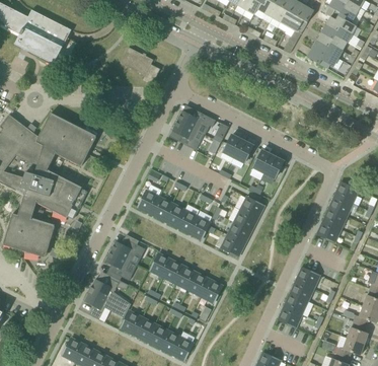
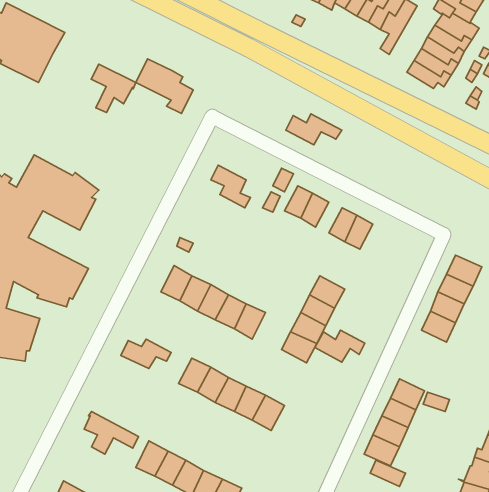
building: none -> [91,64,136,113]
building: [177,109,216,131] -> [286,114,342,145]
building: none -> [315,330,365,362]
building: [105,251,133,281] -> none
building: [90,279,126,307] -> none

